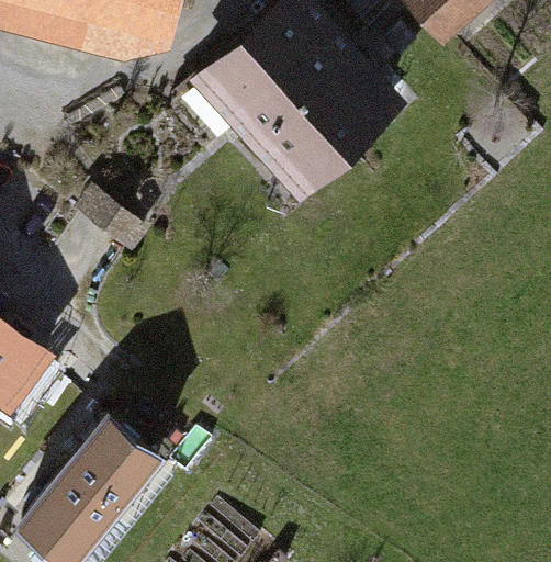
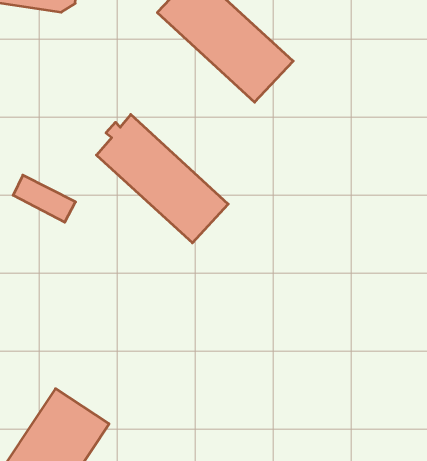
building: [210,45,340,183] -> [96,114,228,243]

